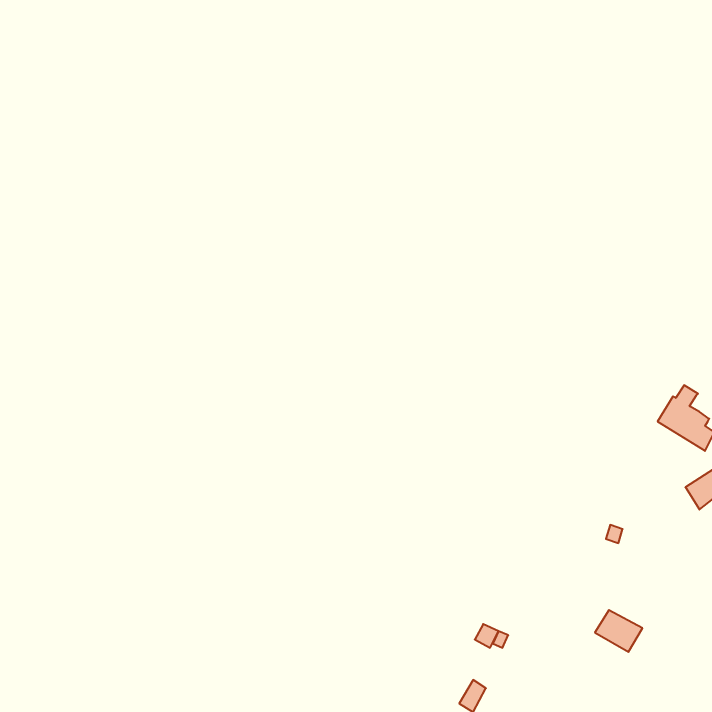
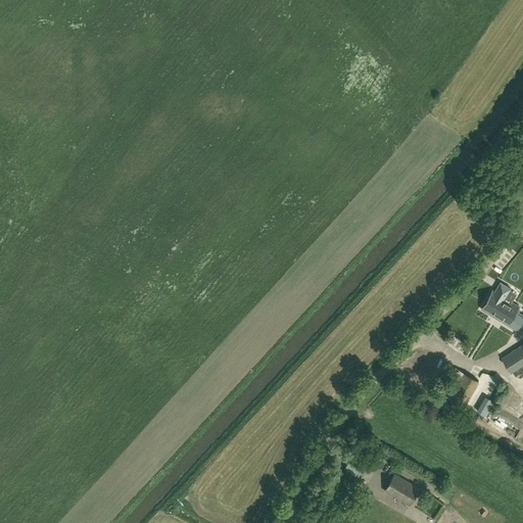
building: [595,610,642,652] -> [385,475,420,506]

